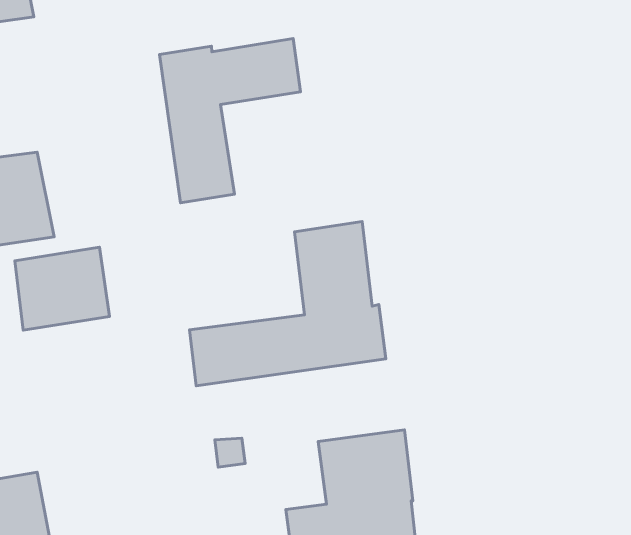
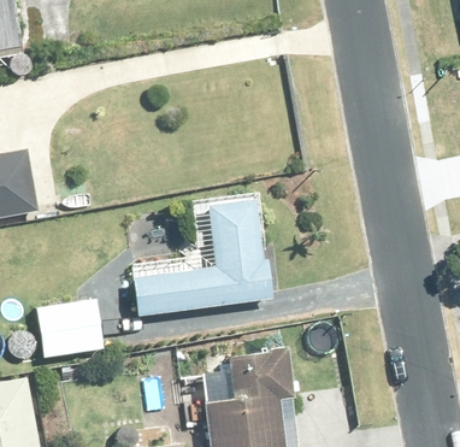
building: [159,39,300,203] -> none
building: [15,247,110,330] -> [36,296,104,355]

